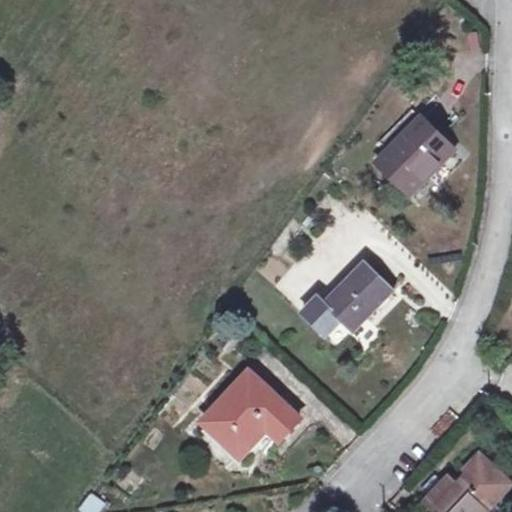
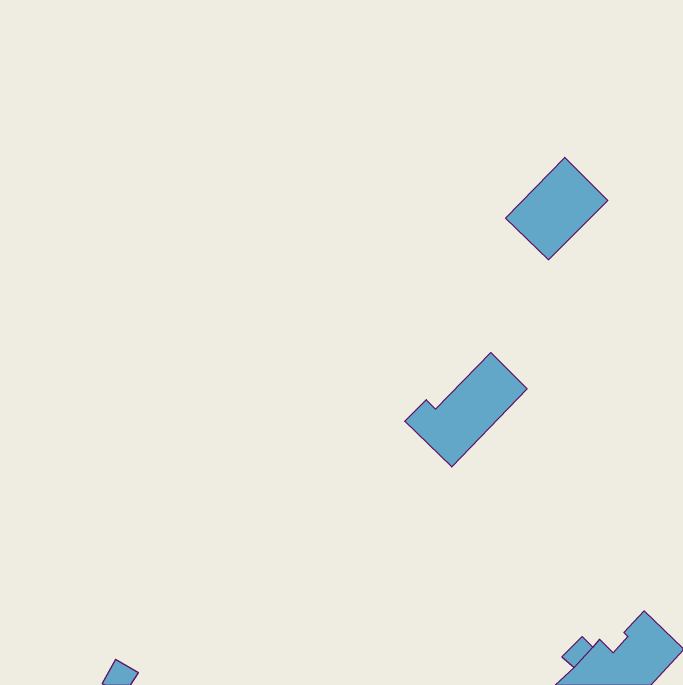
building: [204,374,298,454] -> none

